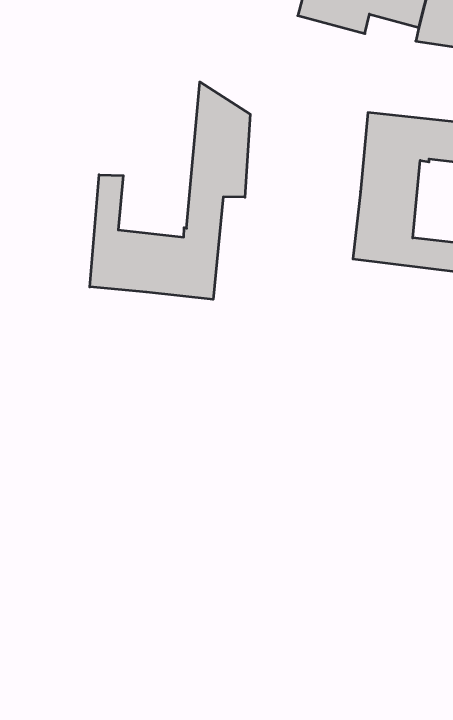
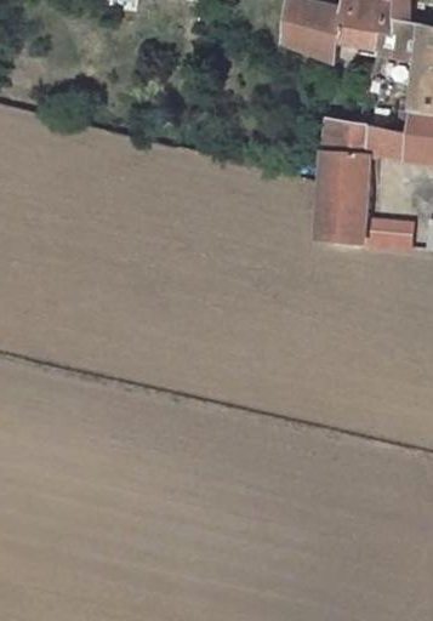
building: [90,82,250,299] -> none

